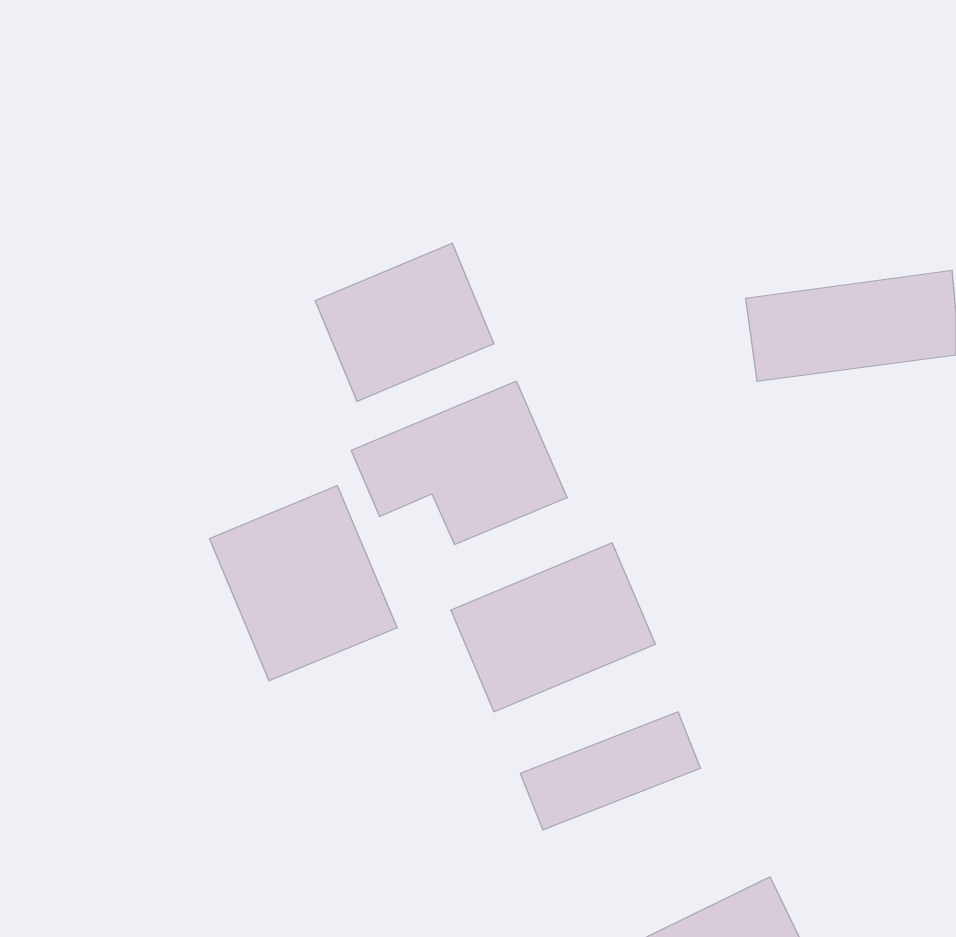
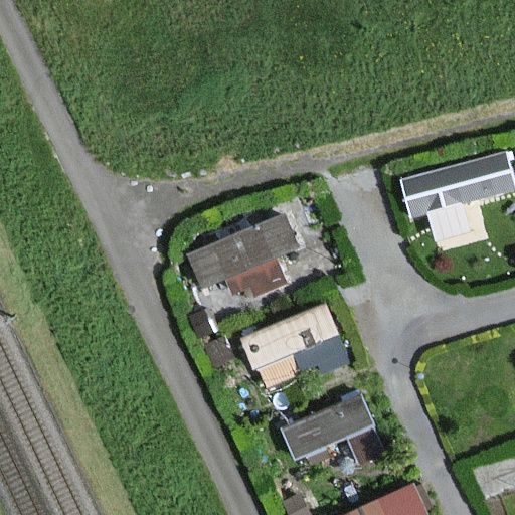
building: [315,243,494,402] -> none
building: [209,486,397,681] -> none

